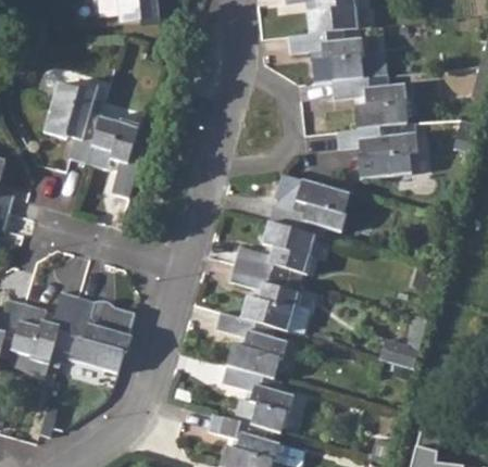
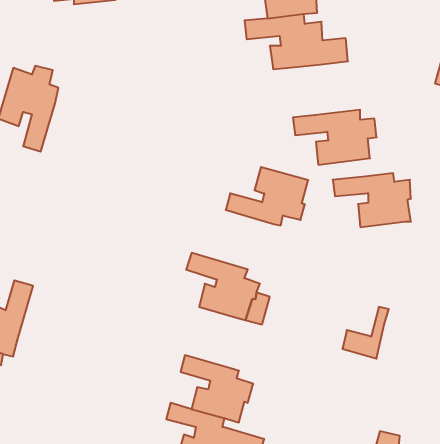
building: [329,75,406,128] -> [333,173,411,227]
building: [86,116,145,198] -> none
building: [235,222,316,280] -> none
building: [63,296,135,373] -> none
building: [216,312,288,378] -> none

